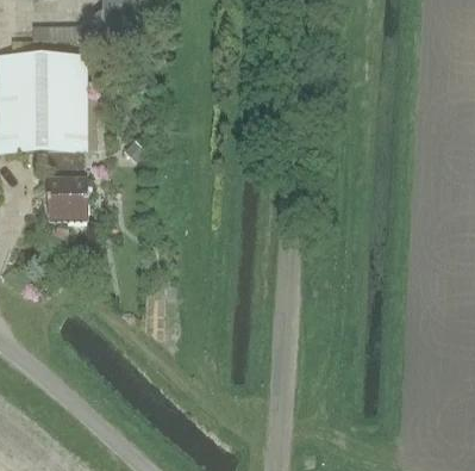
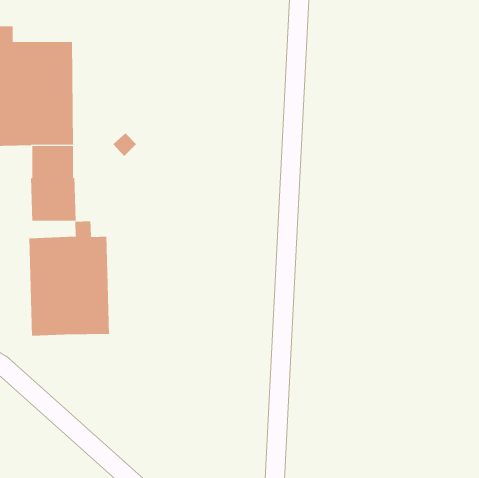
building: none -> [29,221,110,337]

